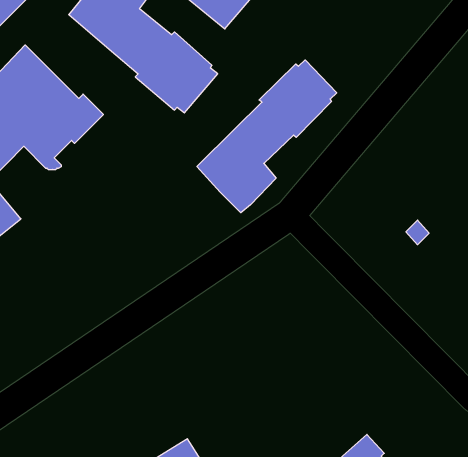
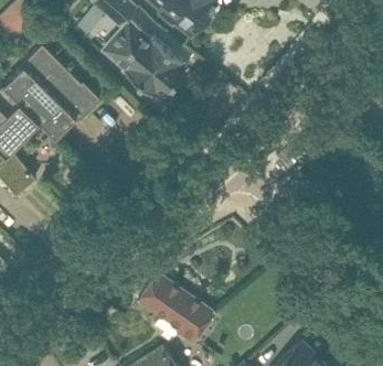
building: [197,60,337,213] -> none
building: none -> [139,271,214,343]

